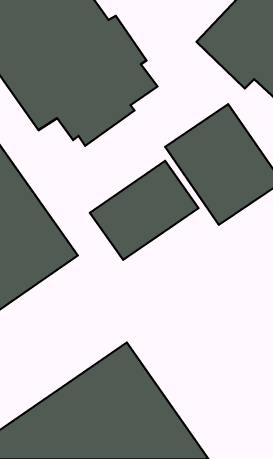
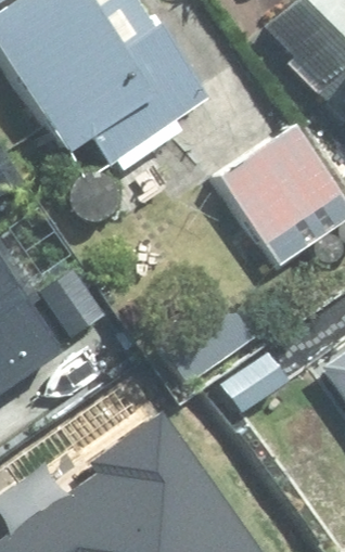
building: [90,161,199,260] -> none

